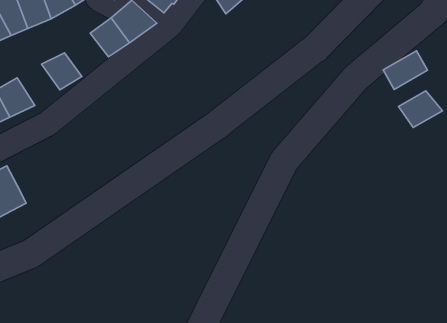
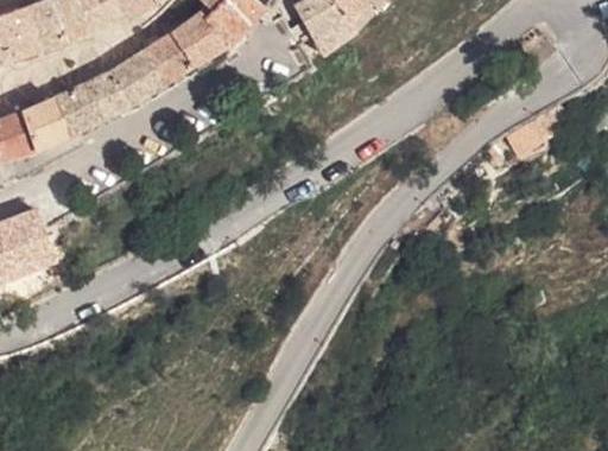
building: none -> [113,53,166,106]
building: none -> [52,87,103,136]
building: [398,91,442,128] -> none

